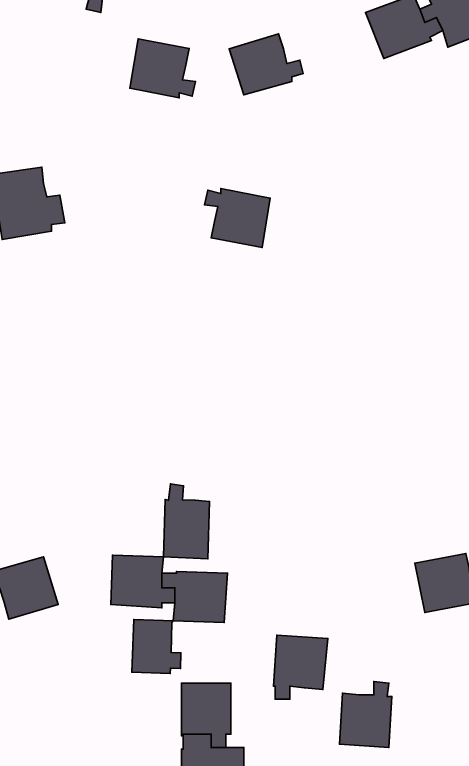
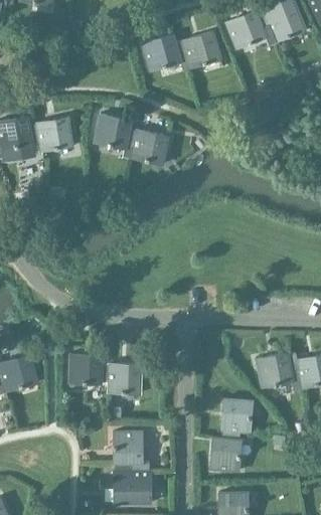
building: none -> [175,31,220,68]
building: [130,39,196,98] -> [95,114,135,150]
building: none -> [28,117,72,152]
building: [163,484,210,559] -> none
building: [132,620,181,673] -> none
building: [273,635,328,699] -> [220,399,254,439]

